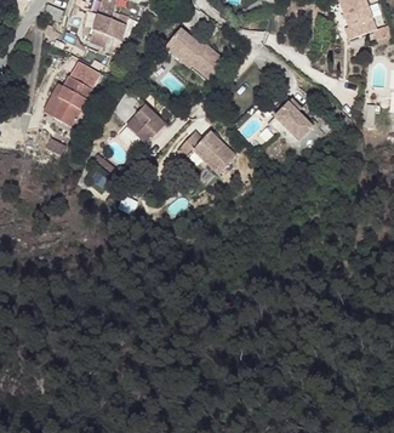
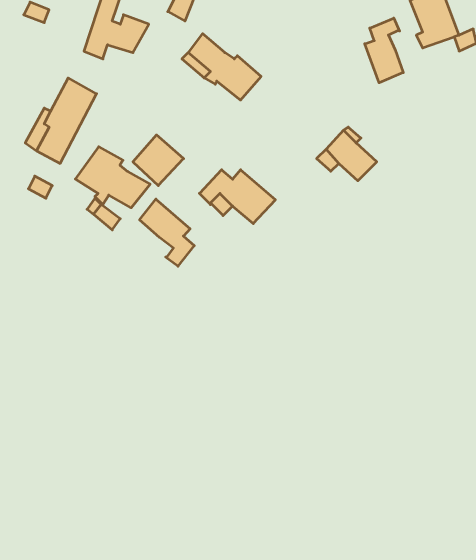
building: none -> [365,18,403,83]
building: none -> [75,147,150,208]
building: none -> [140,199,194,266]

